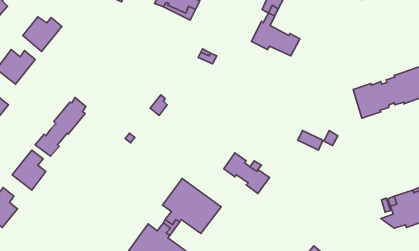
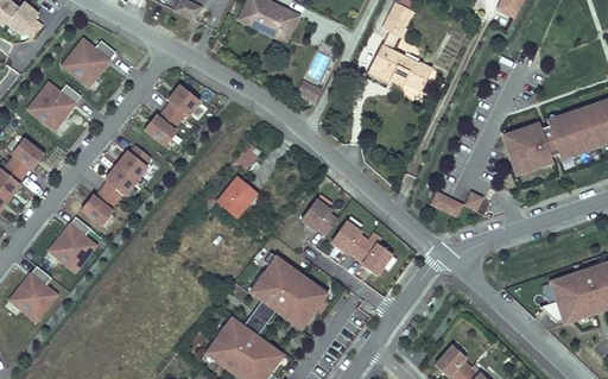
building: none -> [145,87,198,146]
building: none -> [215,178,255,219]
building: none -> [300,200,337,234]

